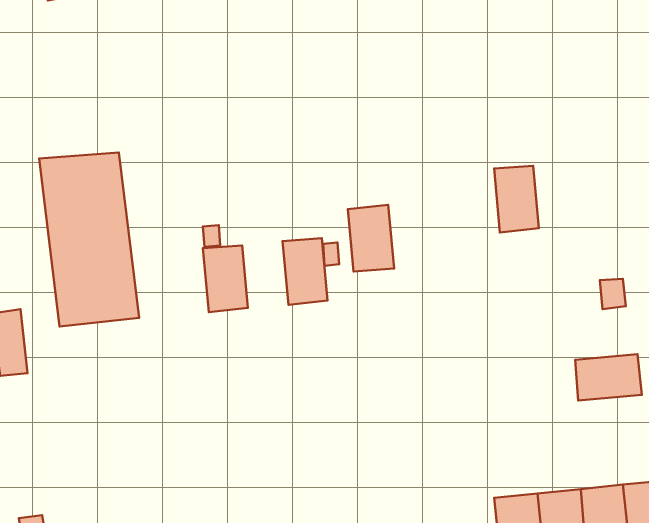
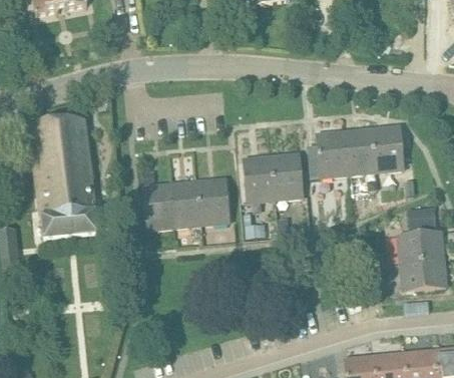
building: none -> [371,125,403,171]
building: none -> [307,130,348,177]
building: none -> [271,153,302,200]
building: none -> [169,180,201,227]
building: none -> [397,231,443,263]

